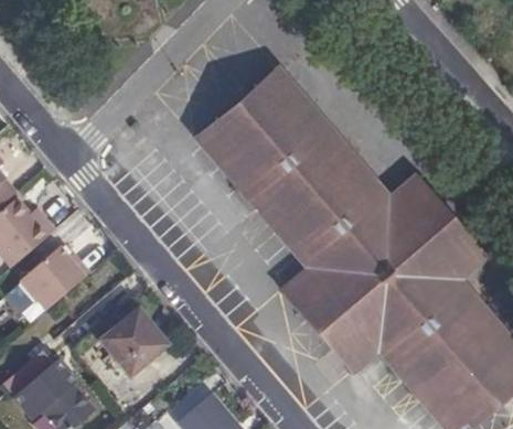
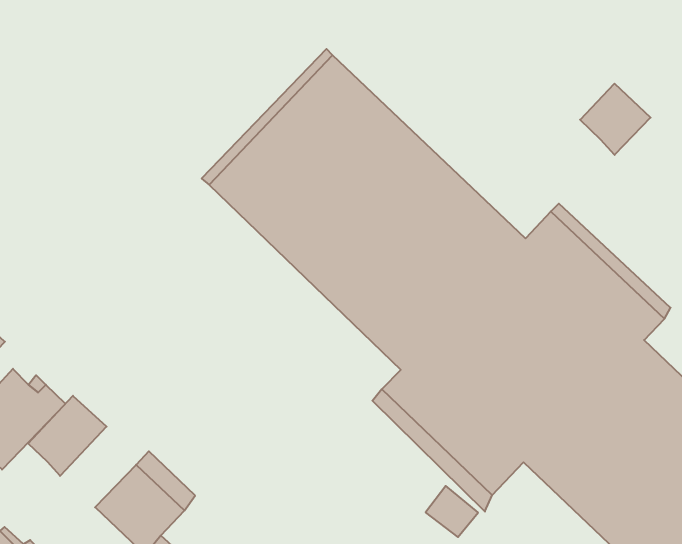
building: none -> [580,84,651,155]
building: none -> [28,396,107,476]

